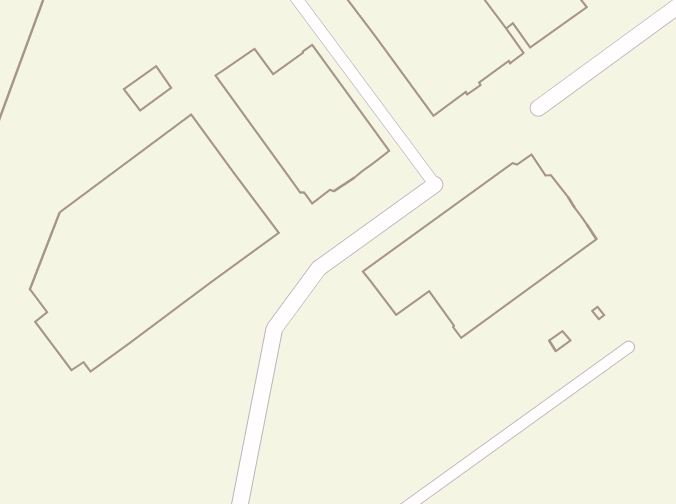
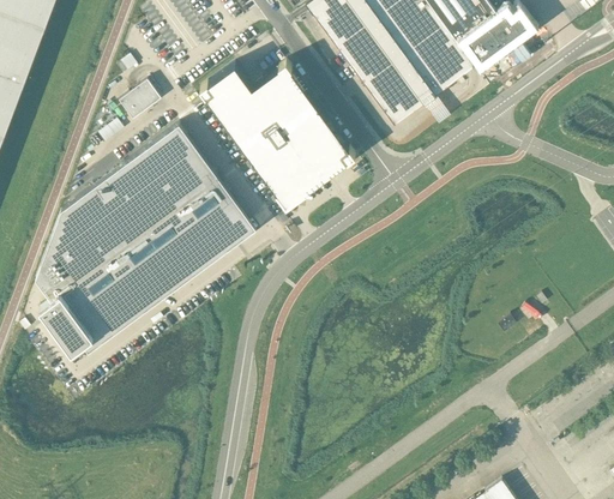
building: [363,154,597,338] -> none

